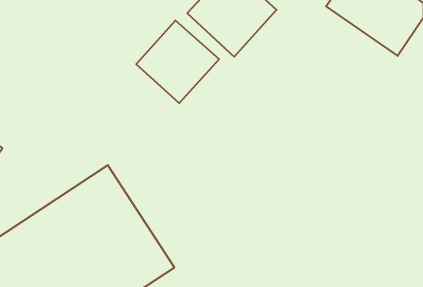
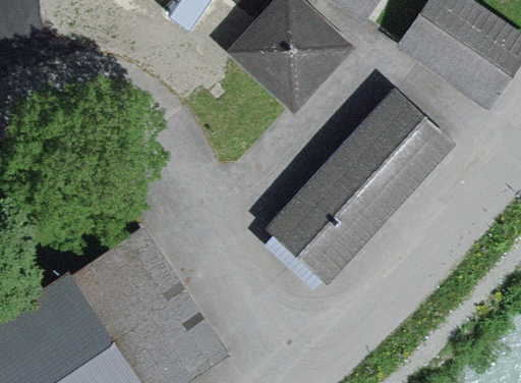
building: [136,20,219,103] -> none
building: none -> [274,95,448,276]

